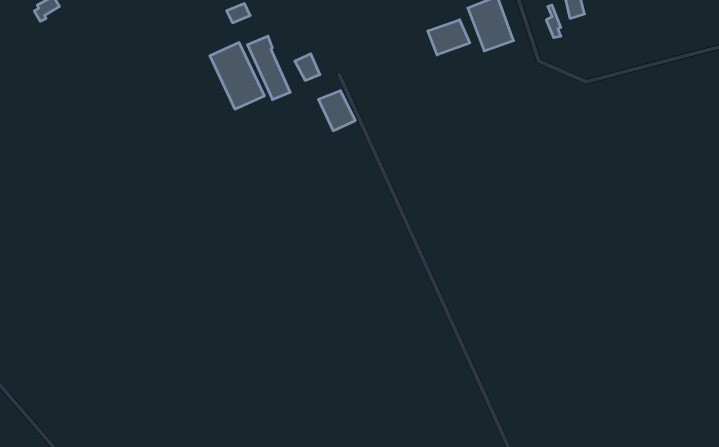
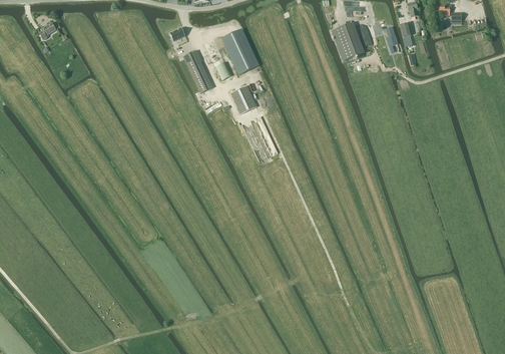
building: [428,20,470,55] -> none
building: [210,43,264,109] -> [220,29,258,74]

